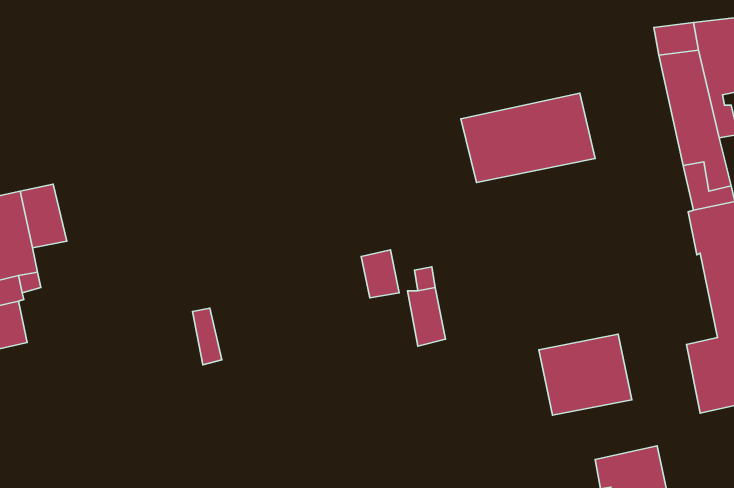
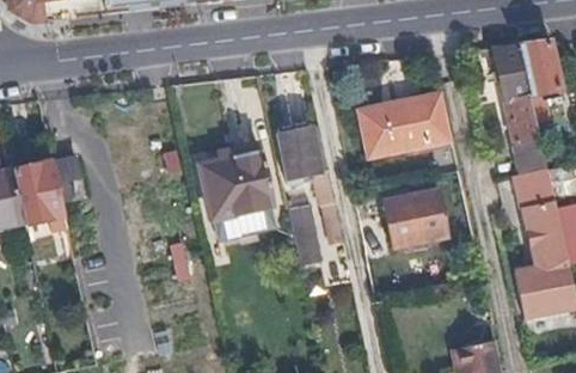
building: none -> [276,126,333,203]
building: none -> [197,143,276,241]
building: [539,334,632,415] -> [384,189,448,245]

